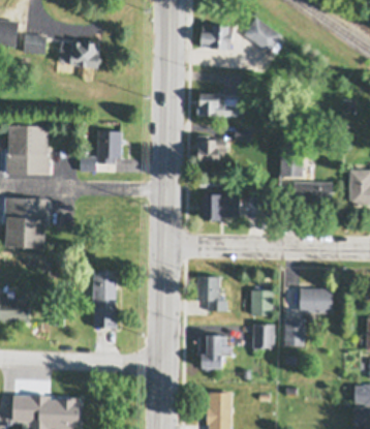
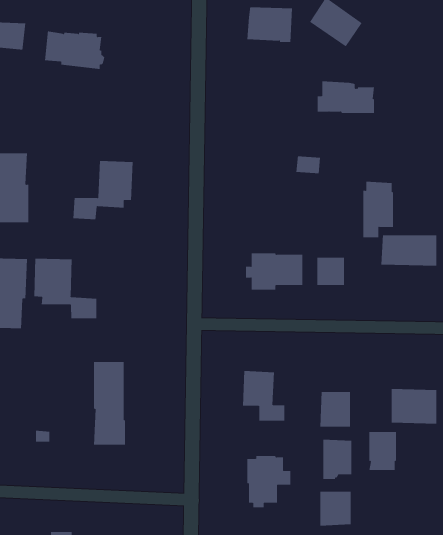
building: [197,93,238,116] -> [317,81,375,114]
building: [197,134,226,160] -> none
building: none -> [34,258,97,319]
building: none -> [320,491,351,527]

